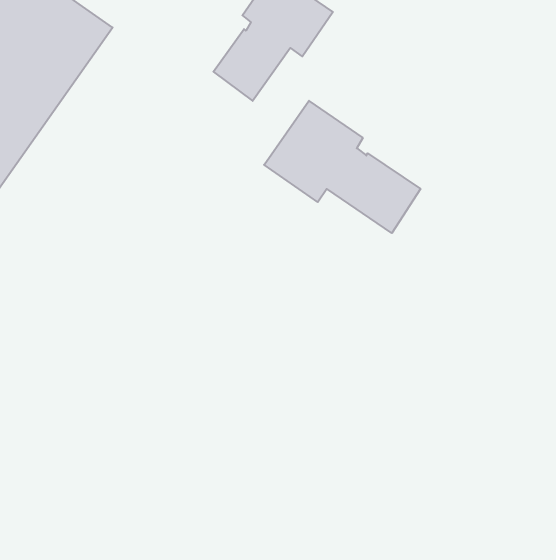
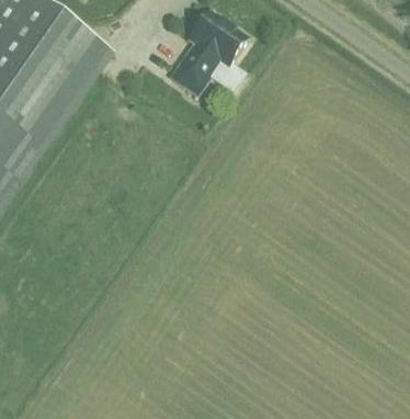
building: [264,101,420,233] -> none

